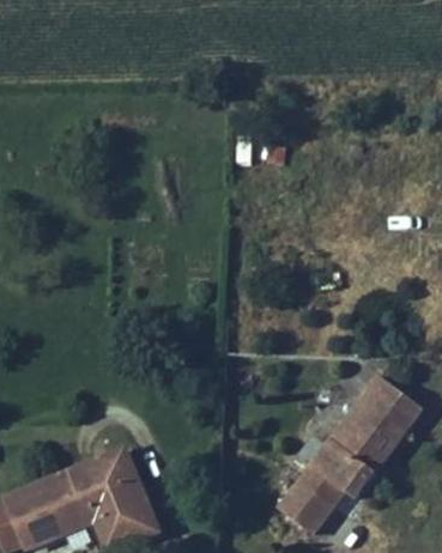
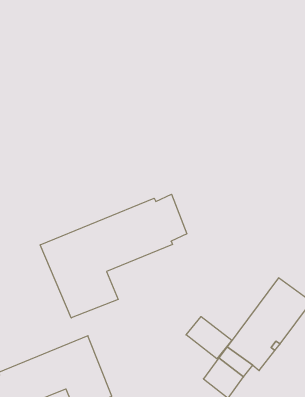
building: none -> [40,194,187,318]
building: none -> [186,317,232,359]

